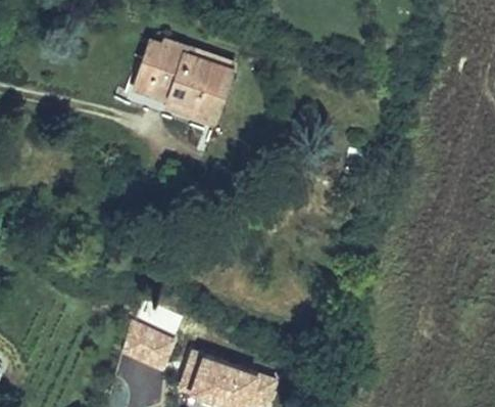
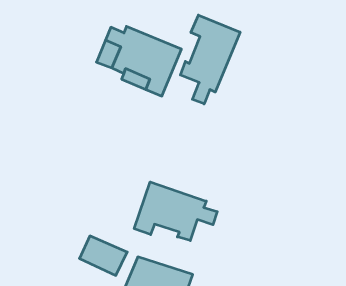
building: none -> [180,15,240,104]
building: none -> [134,182,217,241]

